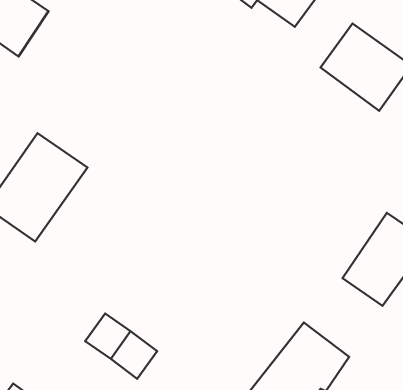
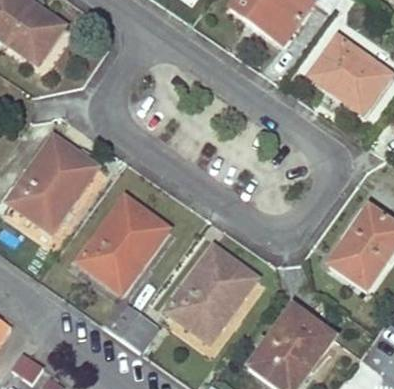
building: none -> [76,195,169,292]
building: none -> [164,244,257,342]

